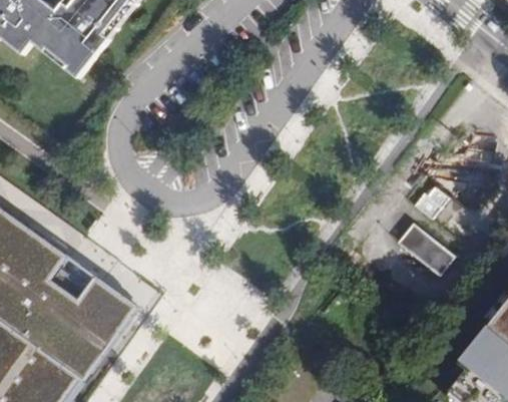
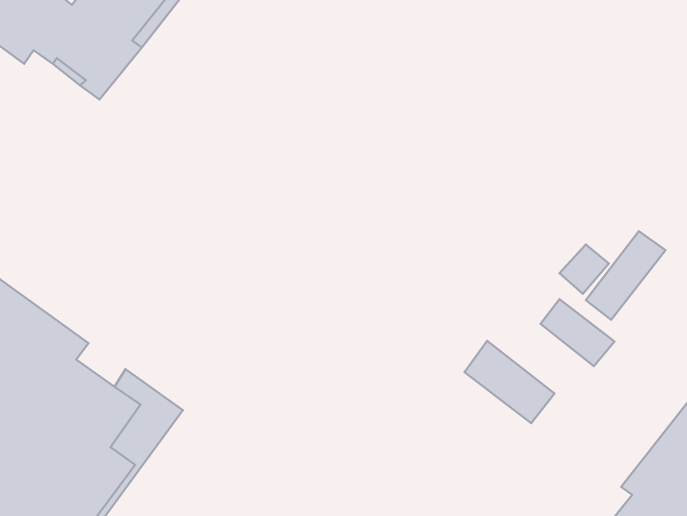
building: none -> [586,231,665,320]
building: none -> [464,341,554,423]

